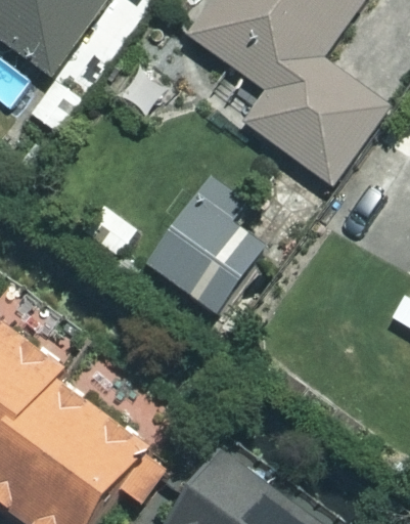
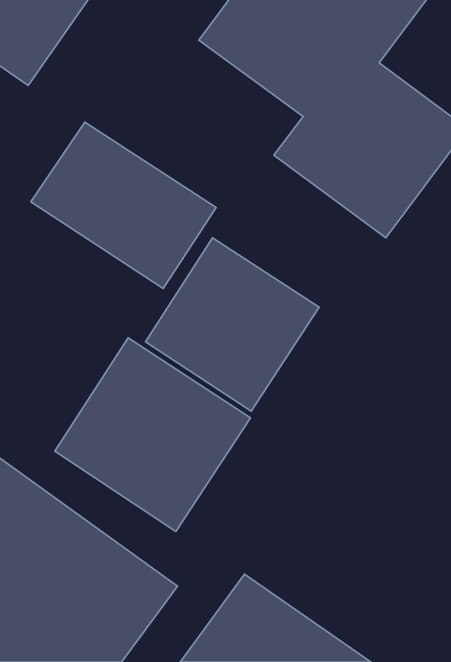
building: none -> [31,122,216,289]
building: none -> [55,338,251,532]

